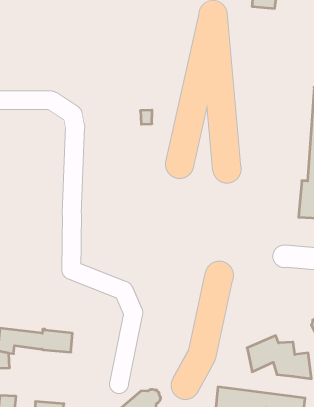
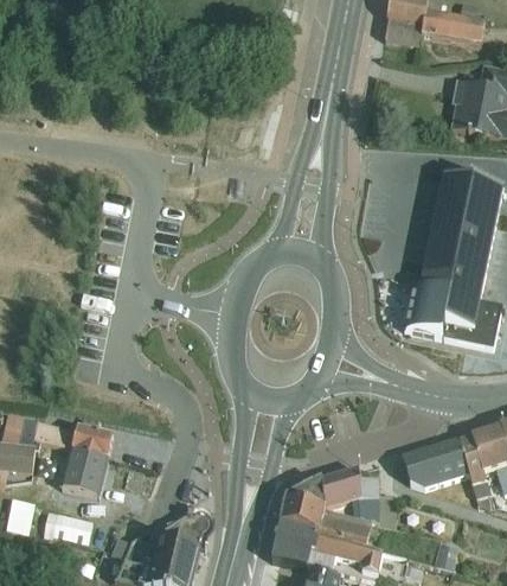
building: none -> [280,479,372,544]
building: none -> [62,448,107,493]

